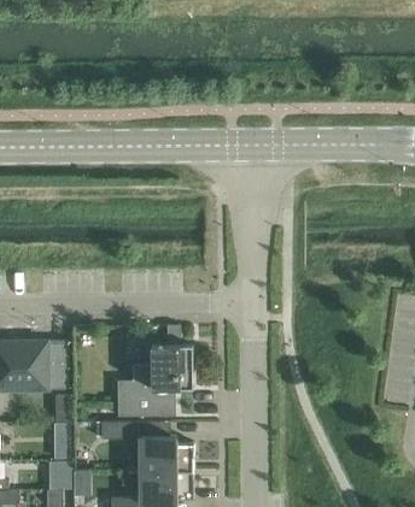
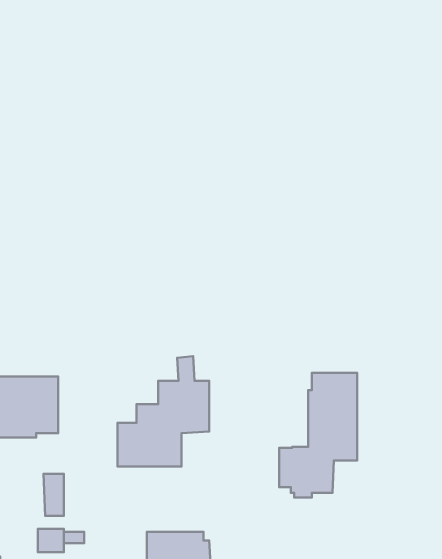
building: none -> [279,373,357,498]
building: [100,423,192,471] -> none

